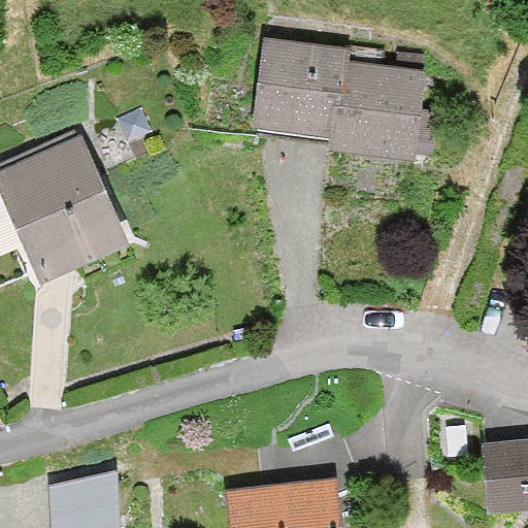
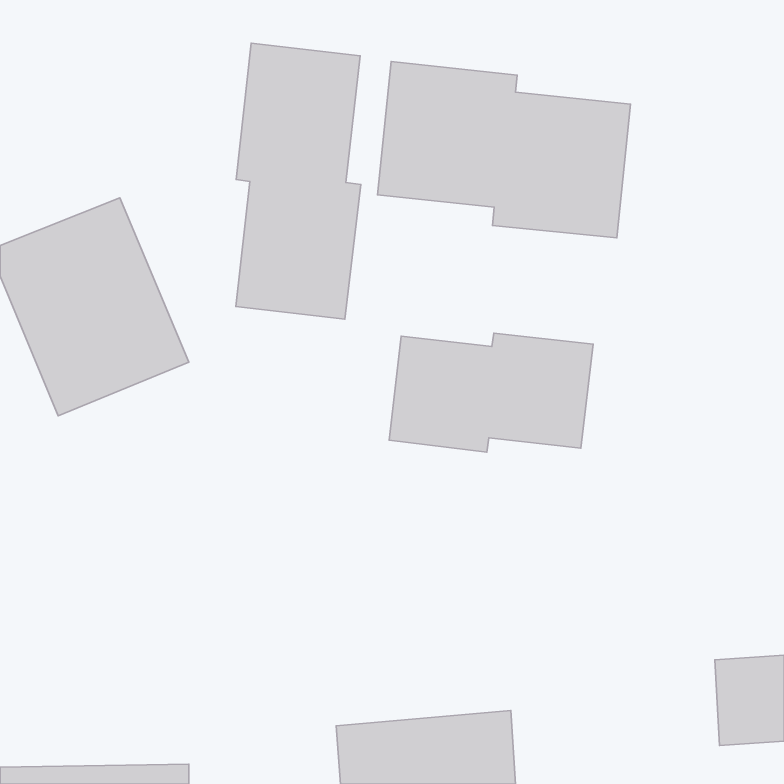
building: none -> [236,43,361,319]
building: none -> [389,333,593,452]

